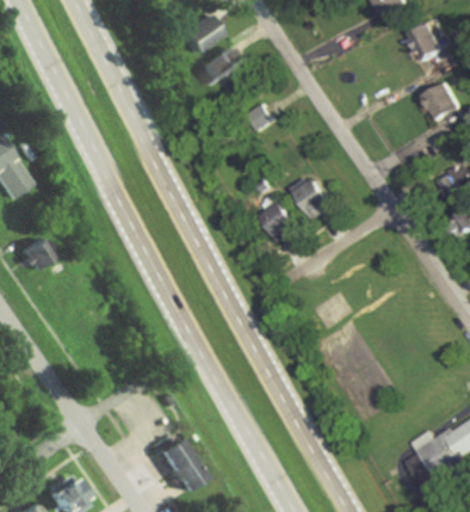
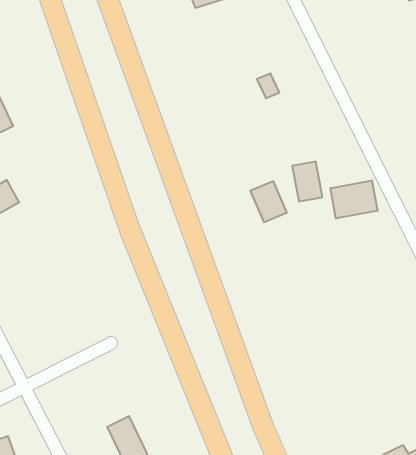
building: [198,47,241,86] -> none
building: none -> [331,180,377,219]

